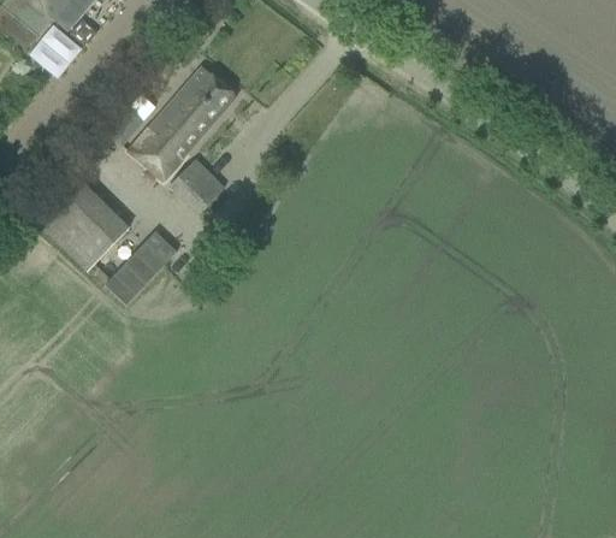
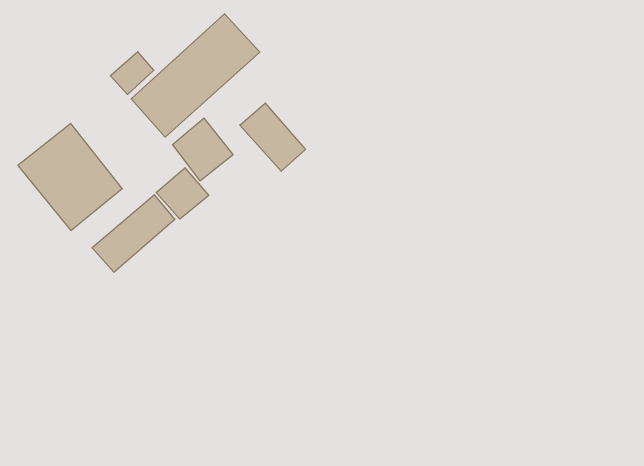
building: none -> [240,103,305,171]
building: none -> [156,168,209,219]

